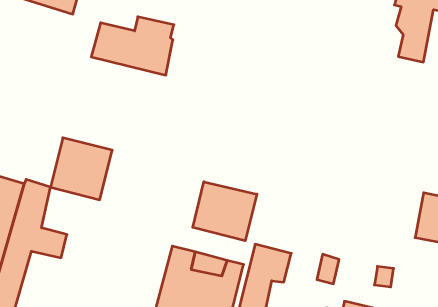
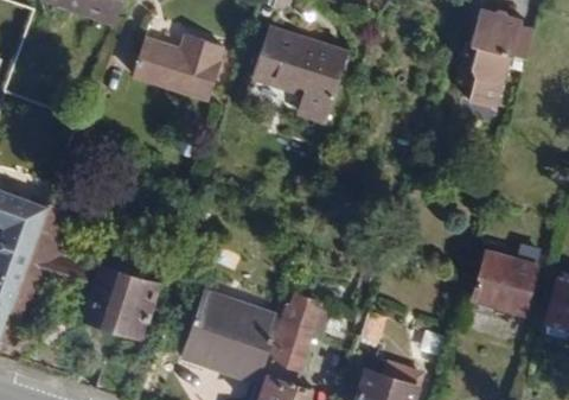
building: none -> [250,28,347,123]
building: [50,138,112,200] -> [85,266,156,337]
building: [193,182,257,241] -> none

